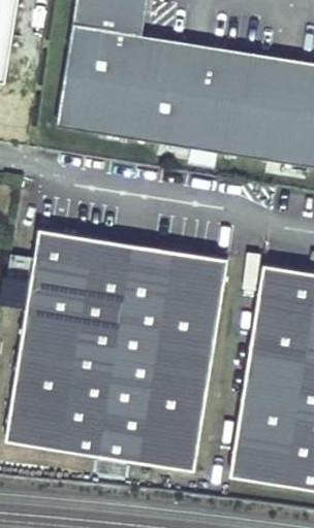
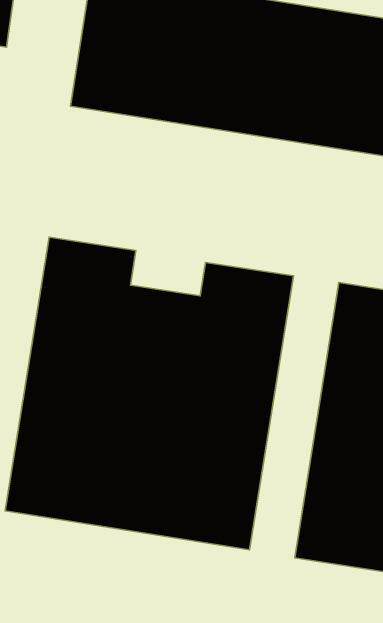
building: [102,239,160,274] -> none

